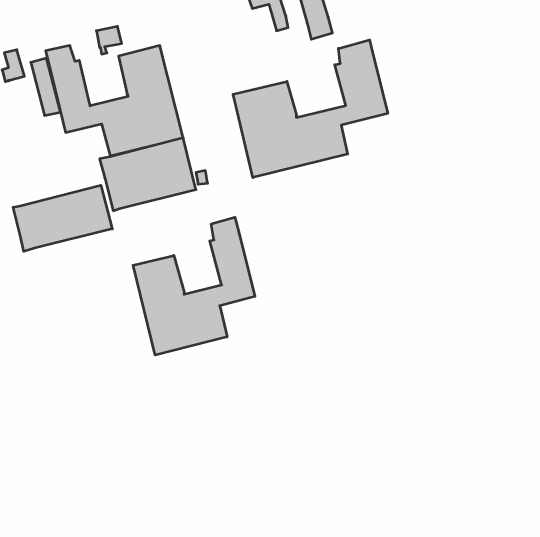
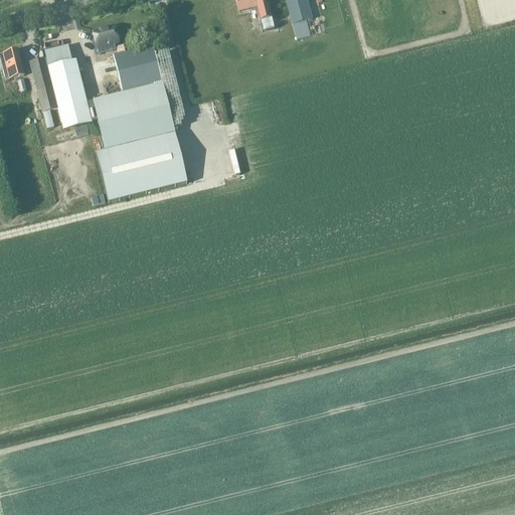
building: [233,40,388,178] -> none
building: [13,185,112,251] -> none
building: [133,217,255,355] -> none

